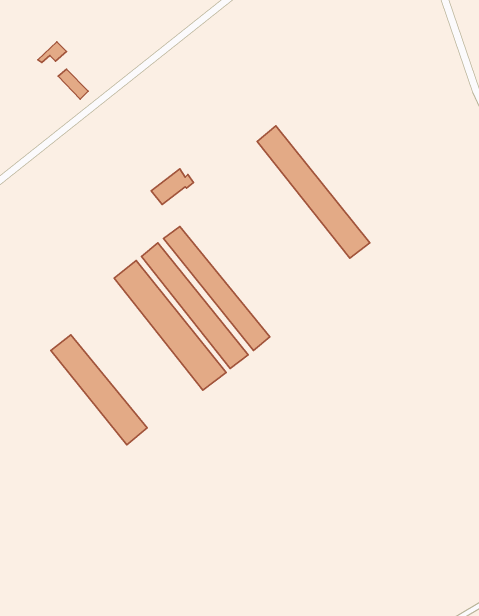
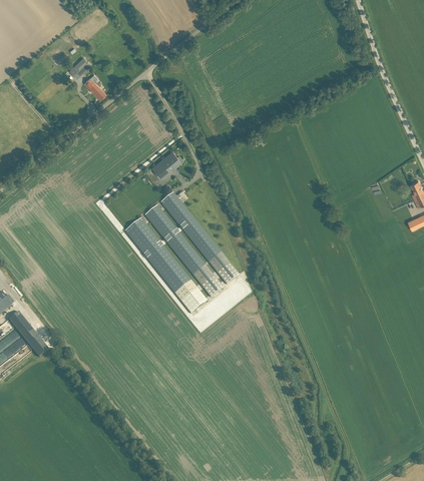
building: [257,126,370,258] -> none
building: [51,335,147,445] -> none

